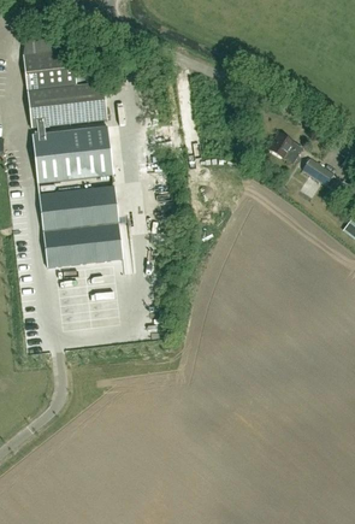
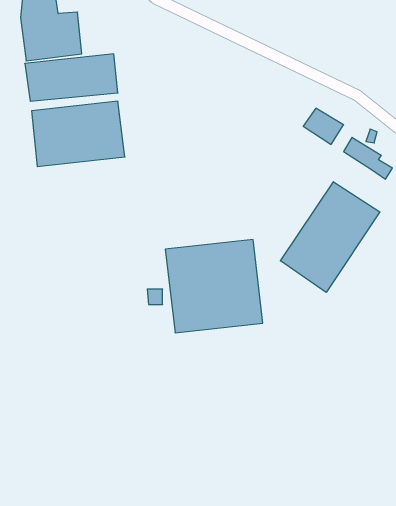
building: [39,187,123,267] -> [165,240,263,333]
building: none -> [280,182,380,292]

